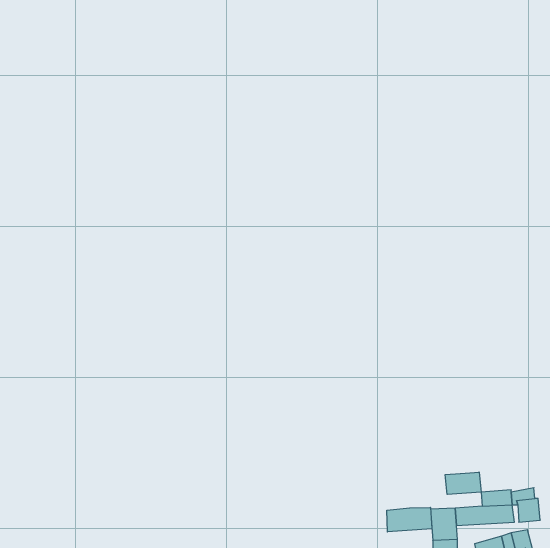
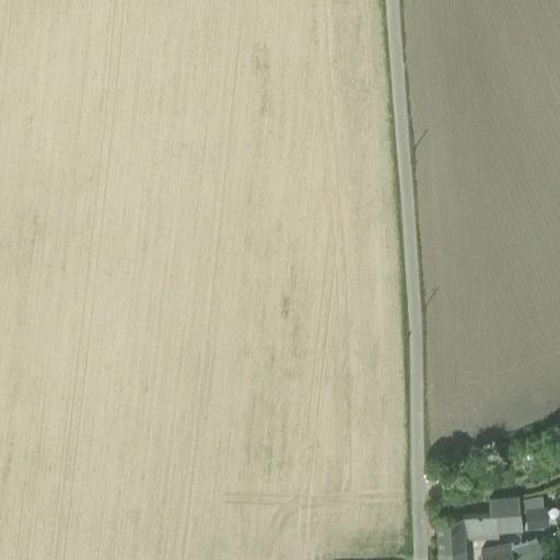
building: [445,472,481,494] -> none
building: [387,507,432,532] -> none

